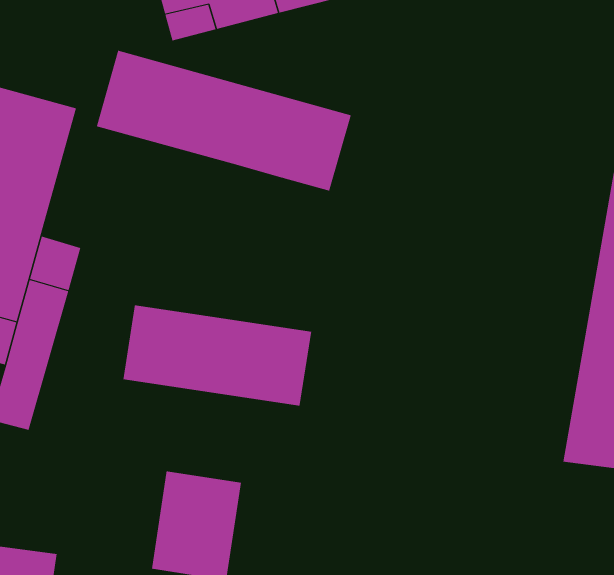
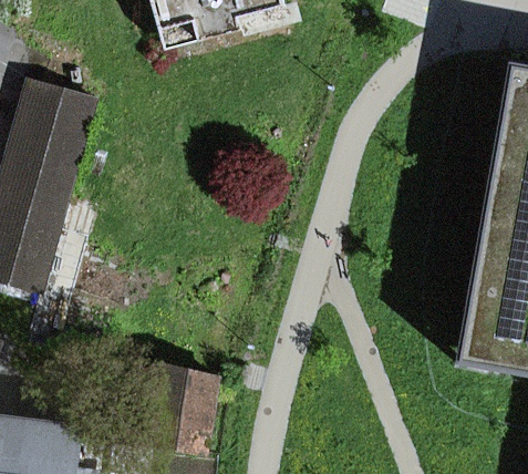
building: [96,50,351,192] -> none
building: [123,304,312,407] -> none

